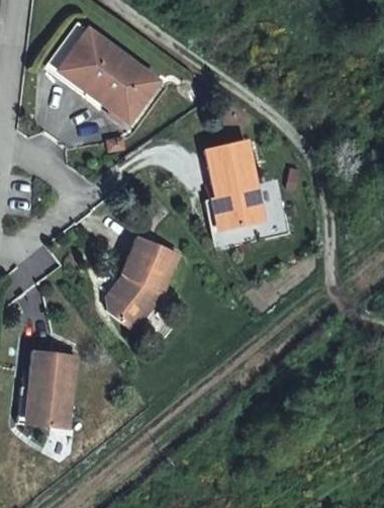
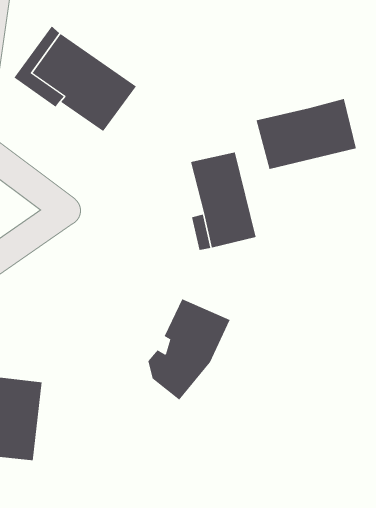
building: none -> [256,98,356,170]
building: [107,237,183,330] -> [147,299,231,401]

